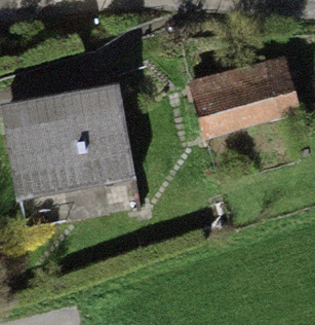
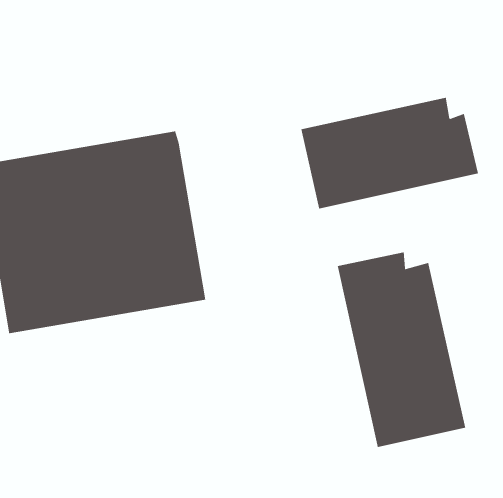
building: none -> [337,251,466,448]

